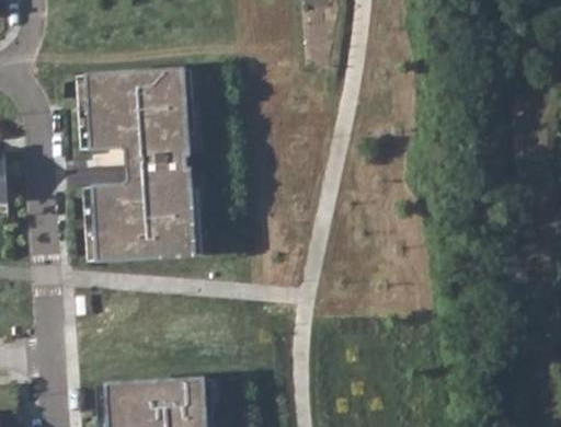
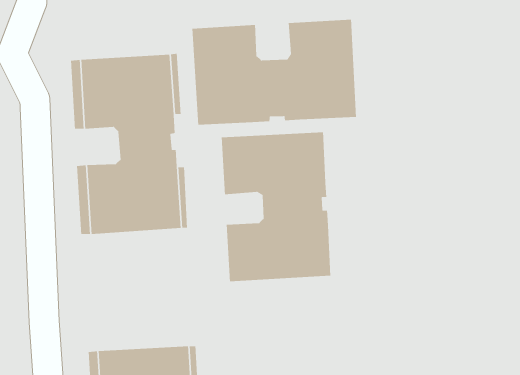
building: none -> [192,19,357,126]
building: none -> [221,132,331,282]

